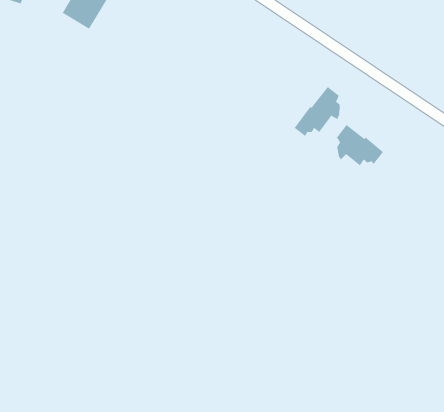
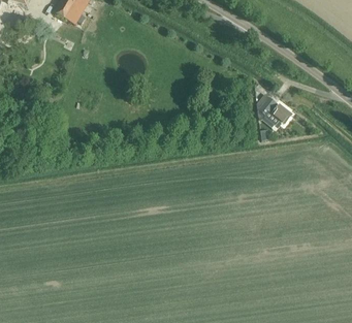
building: [294,86,340,137] -> none

